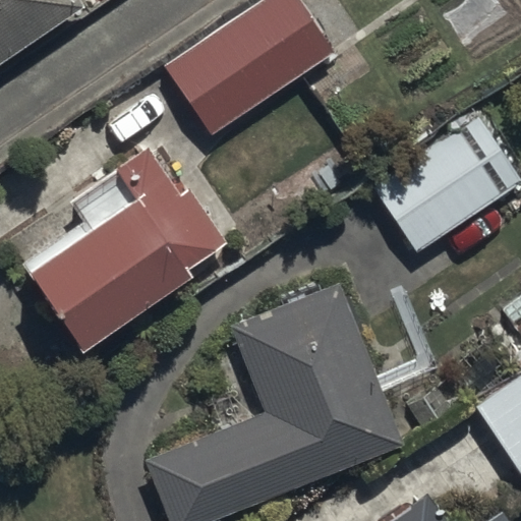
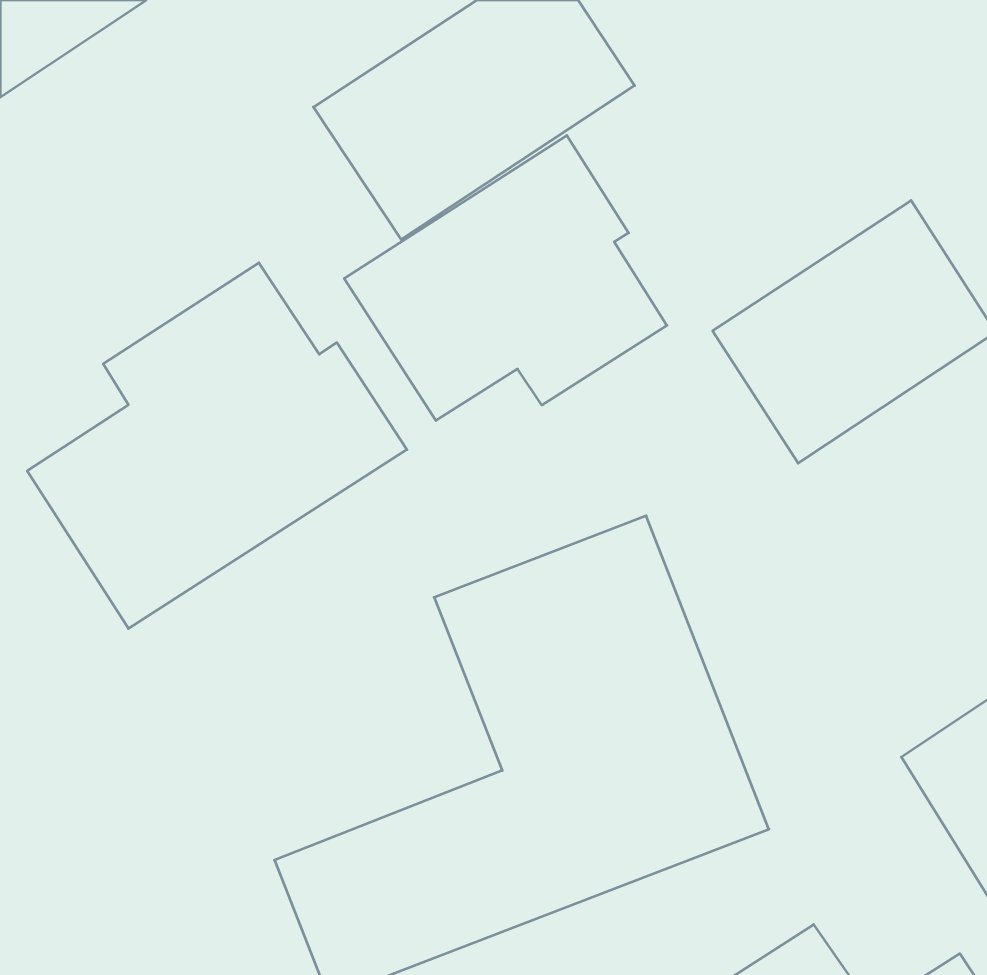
building: none -> [344,135,667,421]

